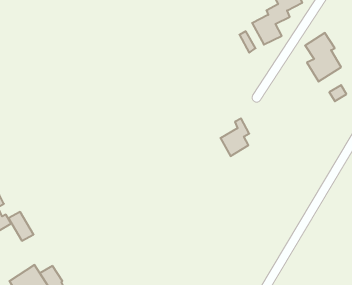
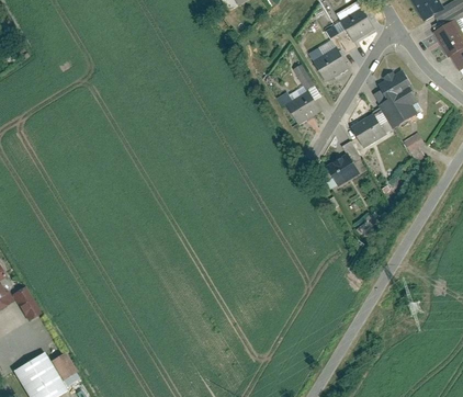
building: none -> [280,88,318,128]
building: none -> [349,113,382,145]
building: [220,118,249,156] -> [324,145,359,191]

